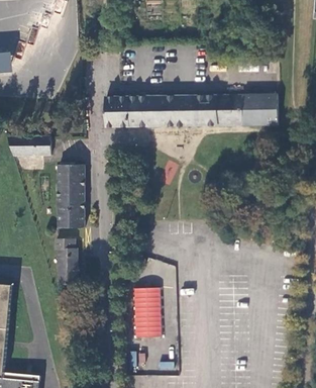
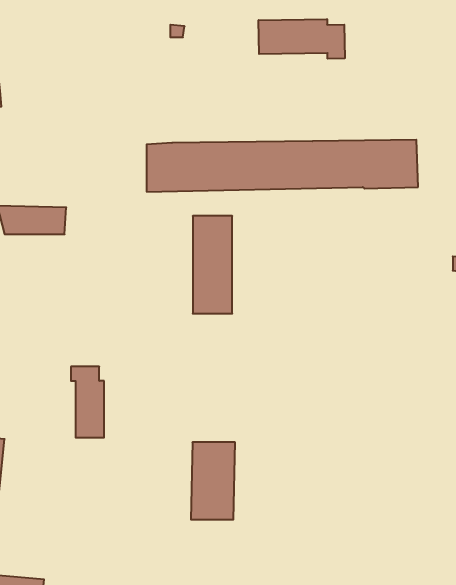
building: none -> [259,19,345,59]
building: [59,165,84,227] -> [193,216,232,314]

